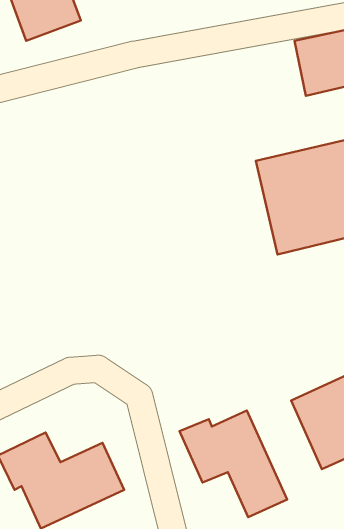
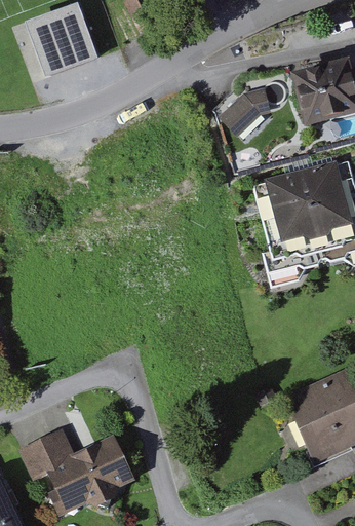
building: none -> [223,87,268,137]
building: [179,410,287,517] -> none

